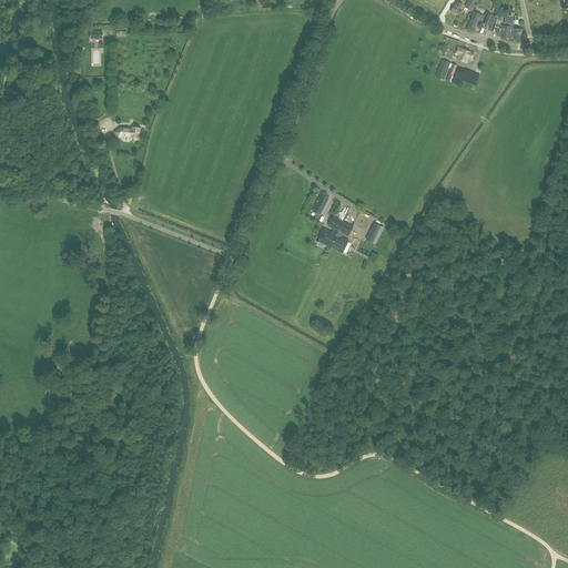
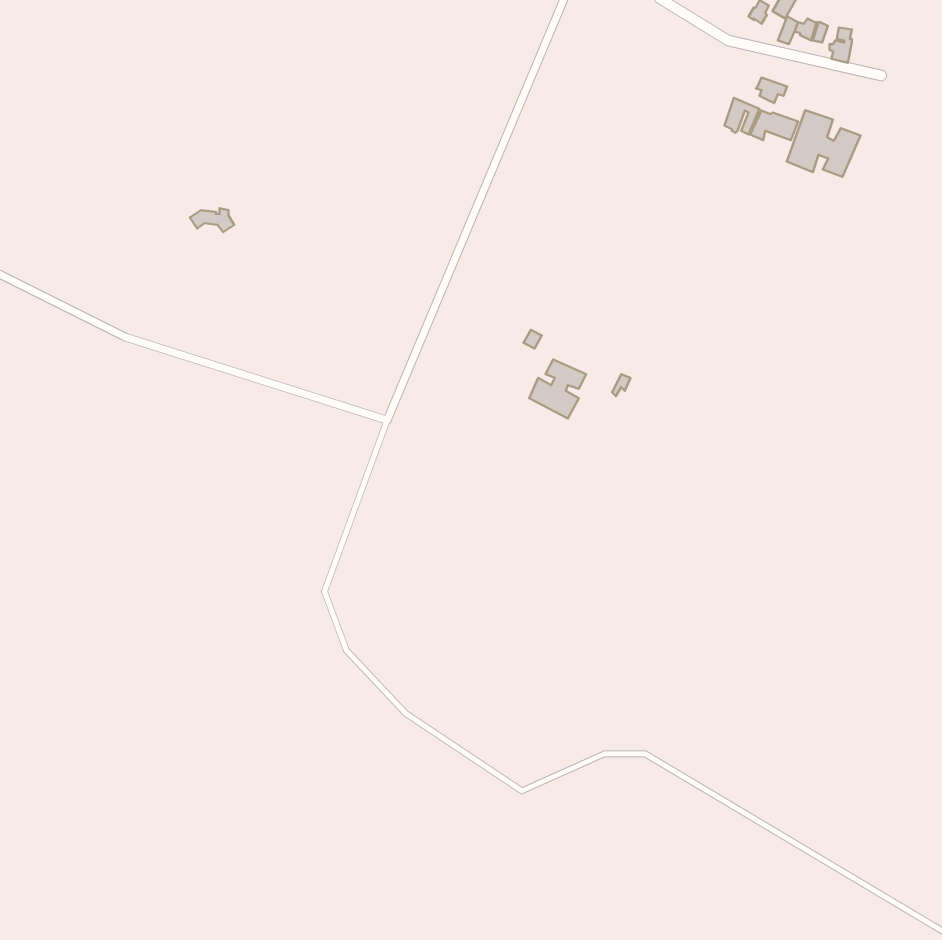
building: none -> [787,110,860,177]

